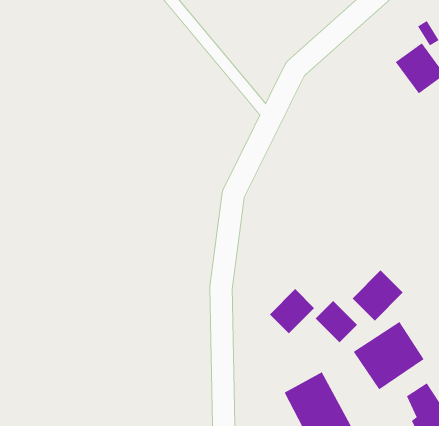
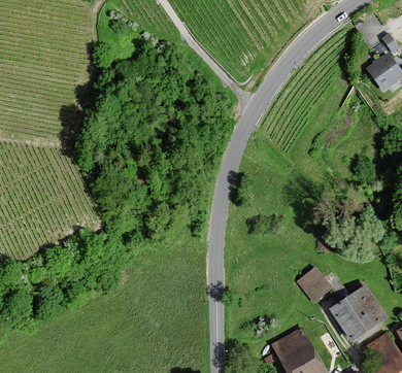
building: [352,270,404,321] -> none
building: [269,288,315,334] -> none

